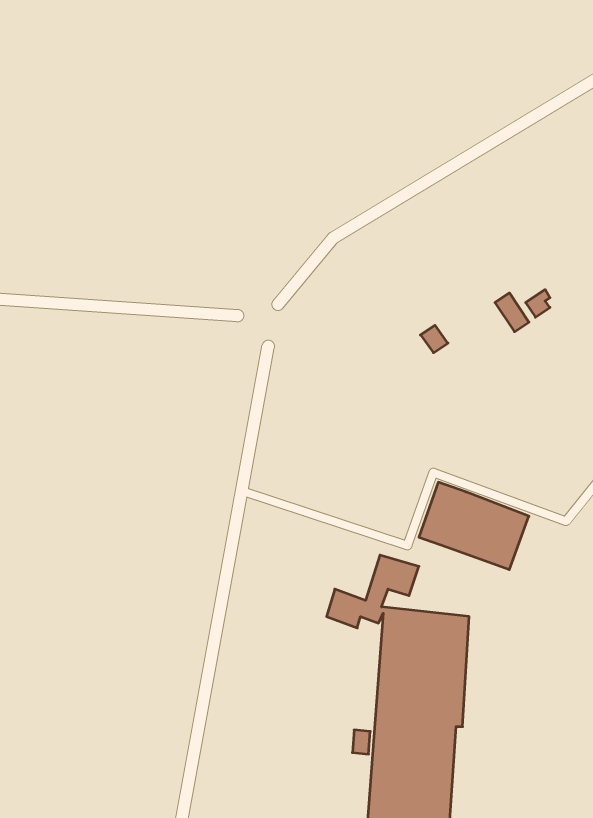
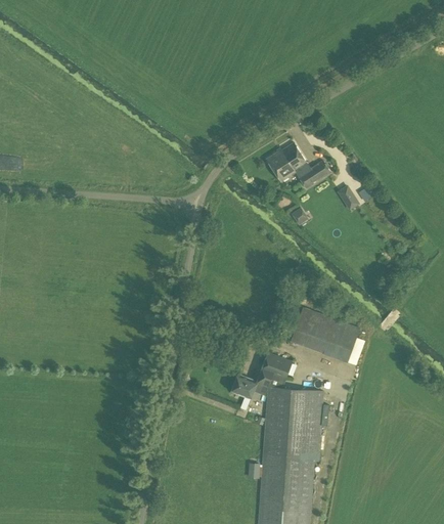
building: none -> [267,143,331,189]

